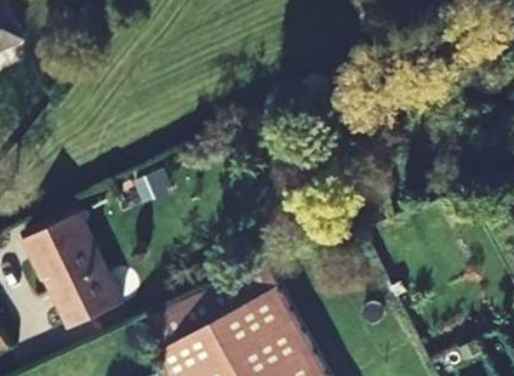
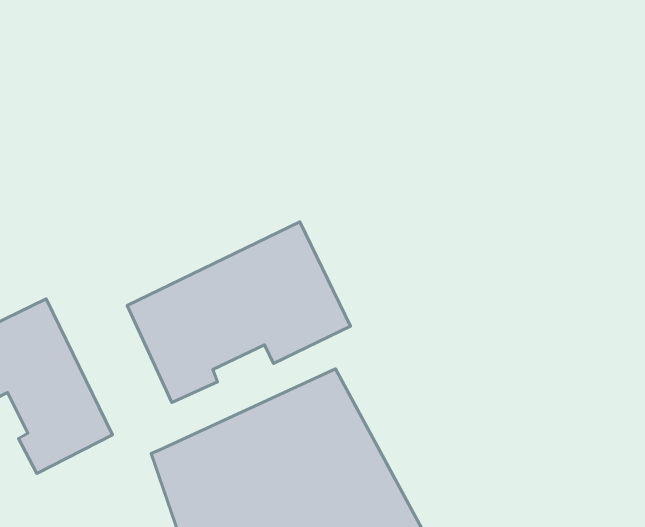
building: none -> [127,222,350,402]

